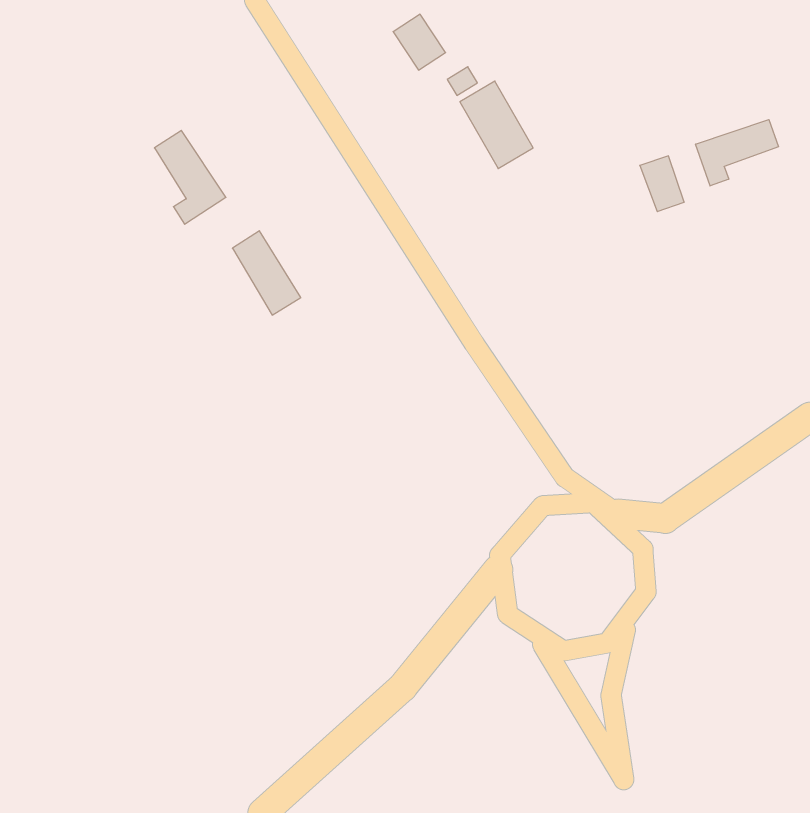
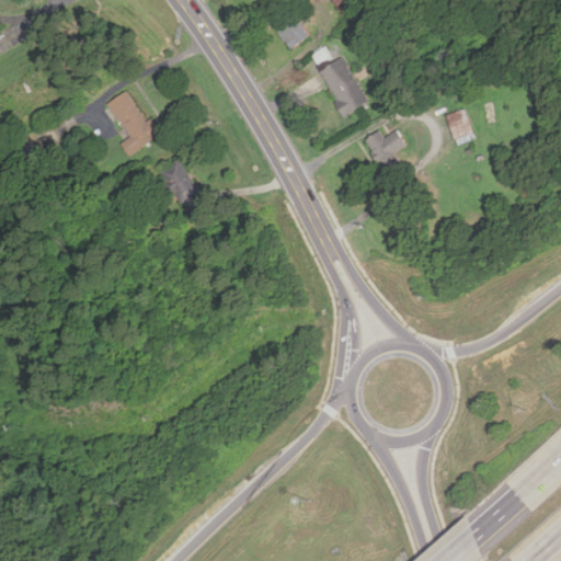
building: [696,120,778,186] -> none
building: none -> [364,130,405,172]

